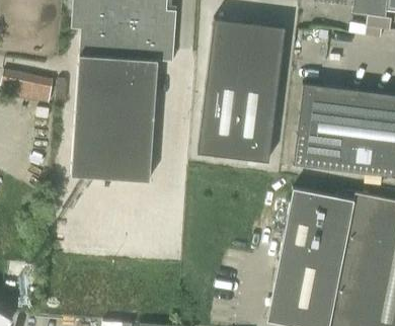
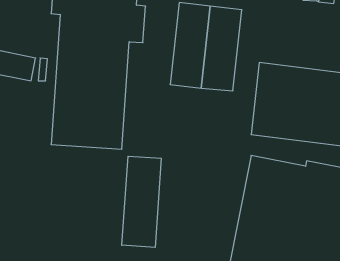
building: [198,108,273,162] -> none
building: none -> [122,156,161,247]

